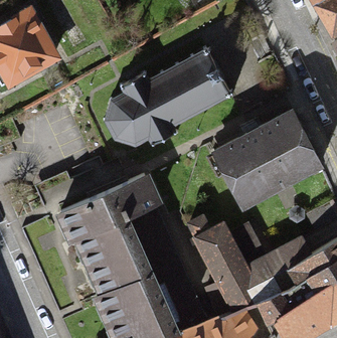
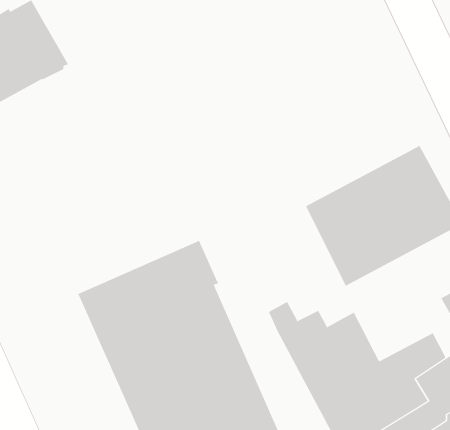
building: [104,49,232,149] -> none

